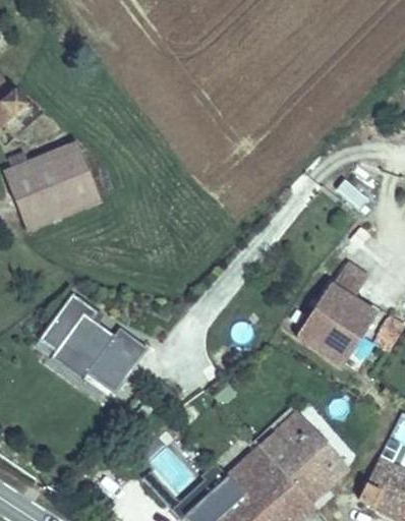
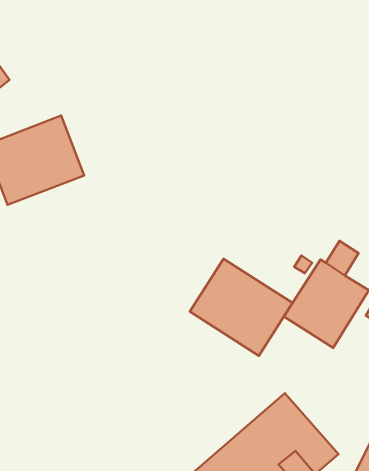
building: none -> [190,259,292,356]
building: [39,291,152,394] -> none

